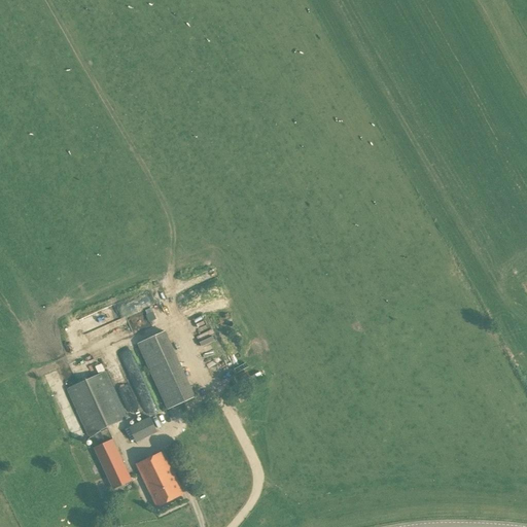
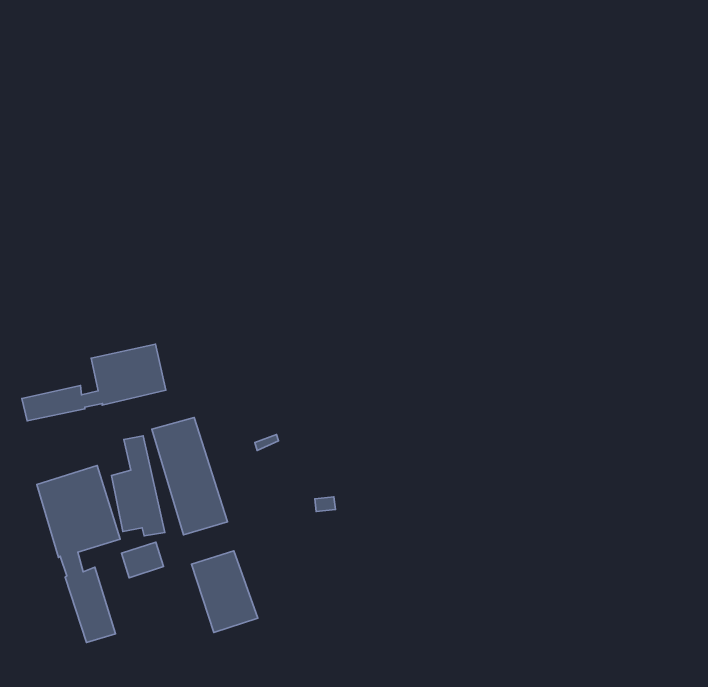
building: none -> [22,344,166,421]
building: [135,451,183,506] -> [191,551,258,633]

